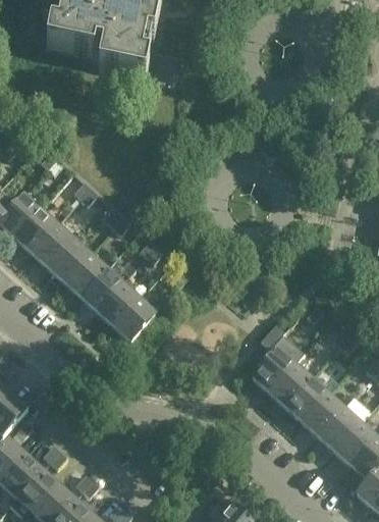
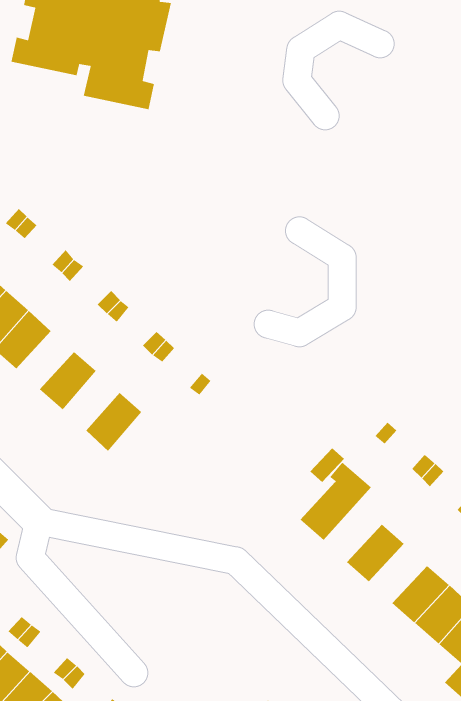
building: [49,241,91,282] -> none
building: [83,269,123,312] -> none
building: [115,299,157,342] -> none
building: [270,364,312,407] -> none
building: [303,394,344,436] -> none

